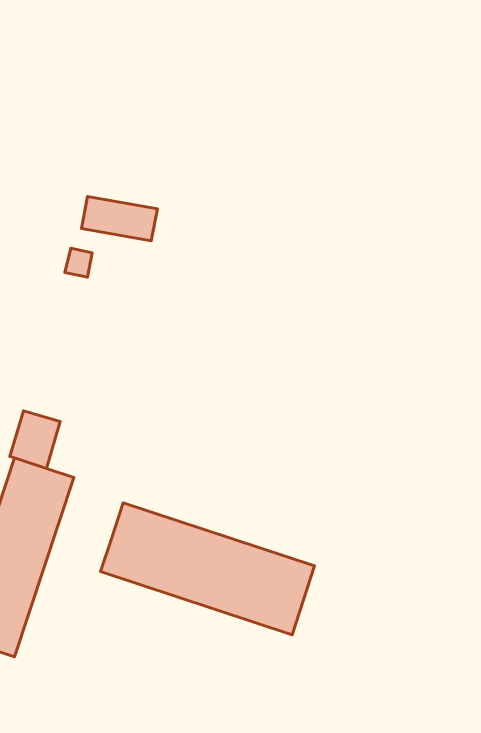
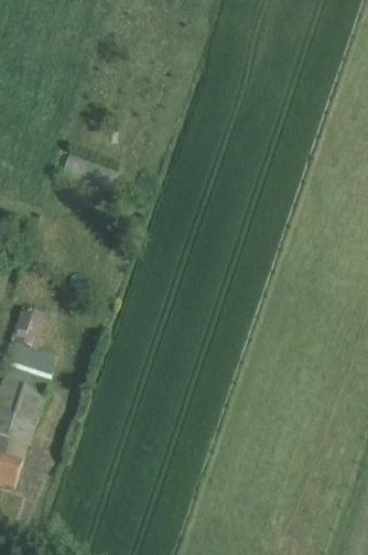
building: [101,503,315,635] -> none

